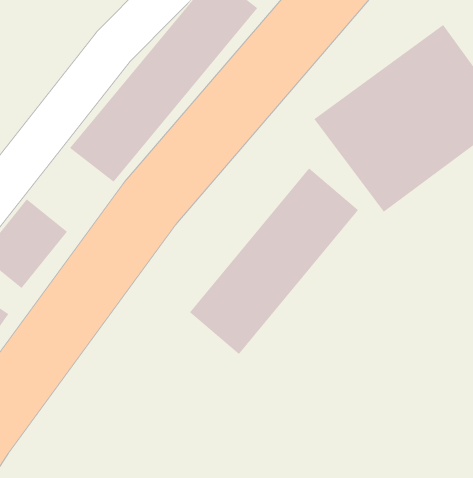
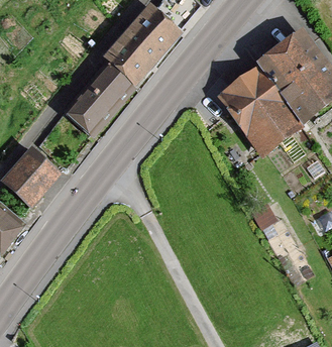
building: [189,168,359,355] -> none

